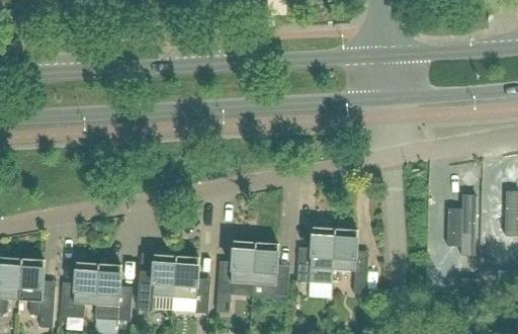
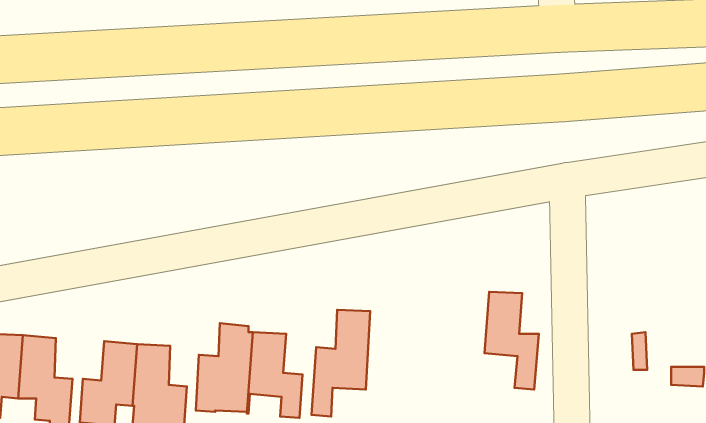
building: [447,191,477,252] -> none
building: [296,226,335,283] -> none
building: [252,241,288,299] -> none

